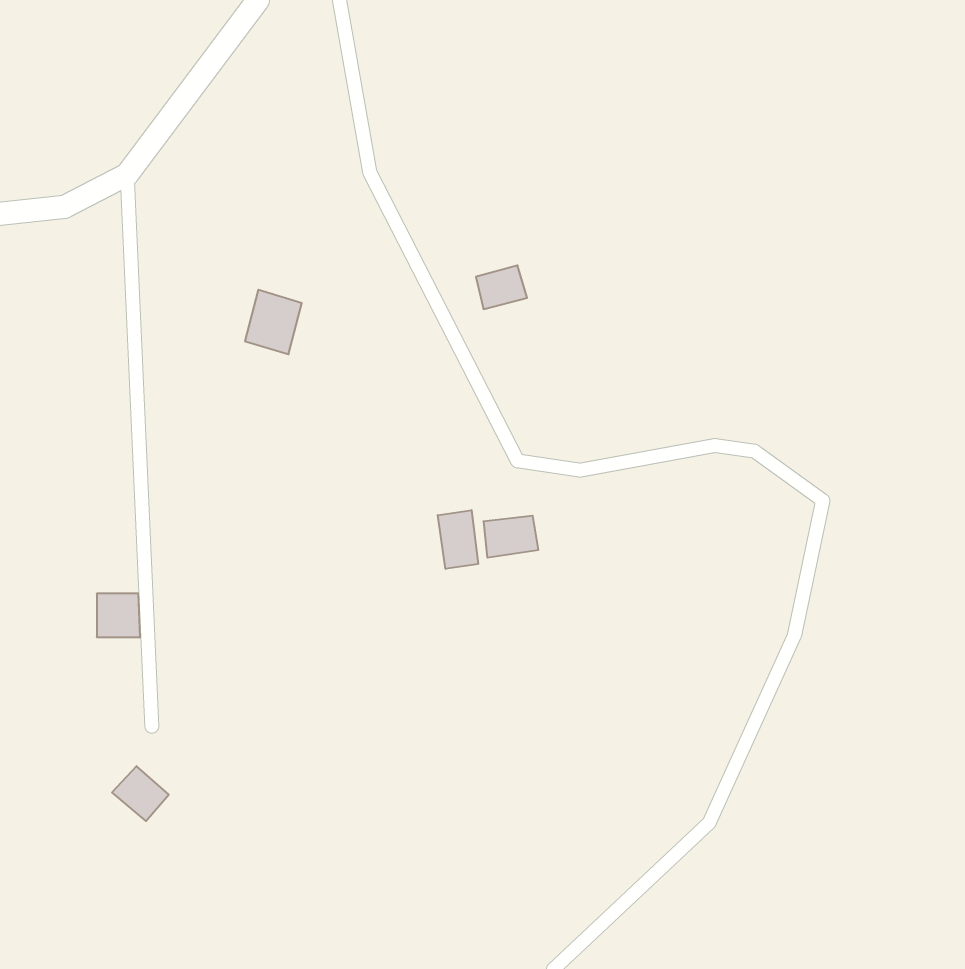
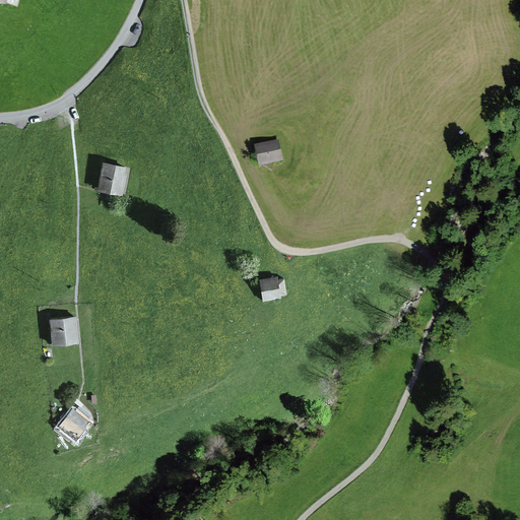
building: [245,290,302,354] -> [98,161,128,196]
building: [438,510,478,569] -> none

